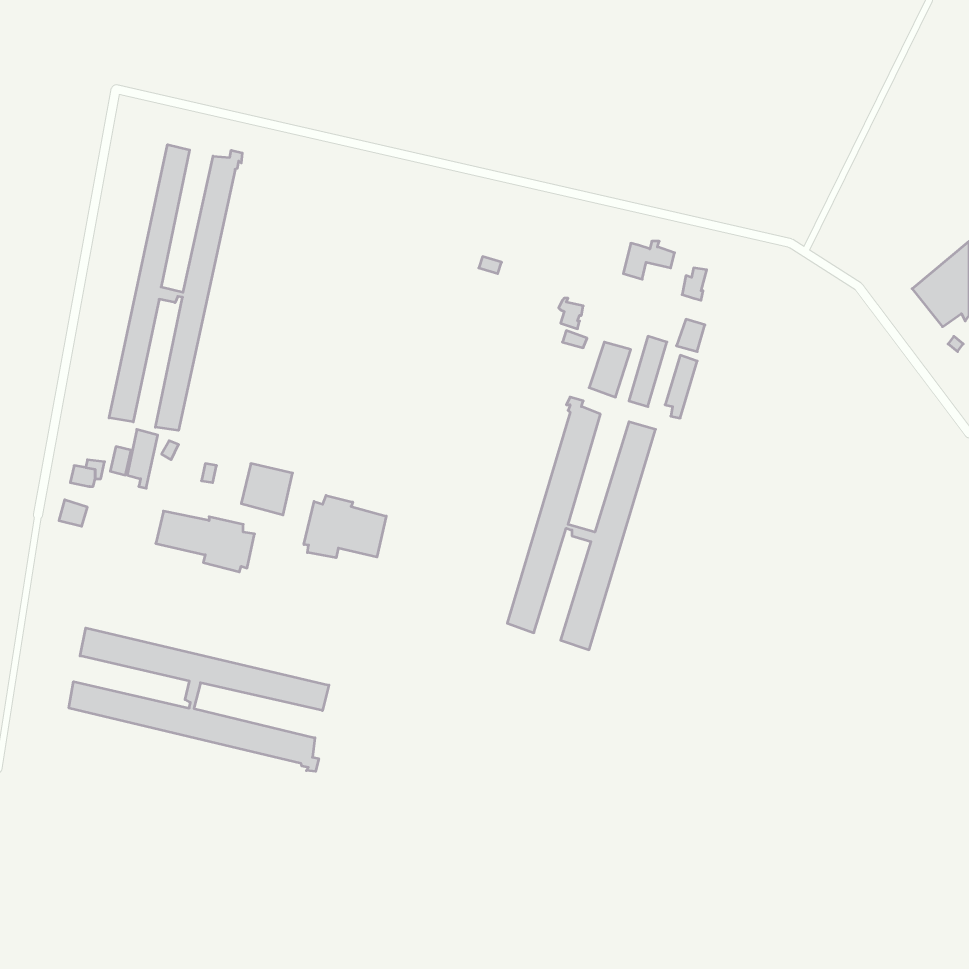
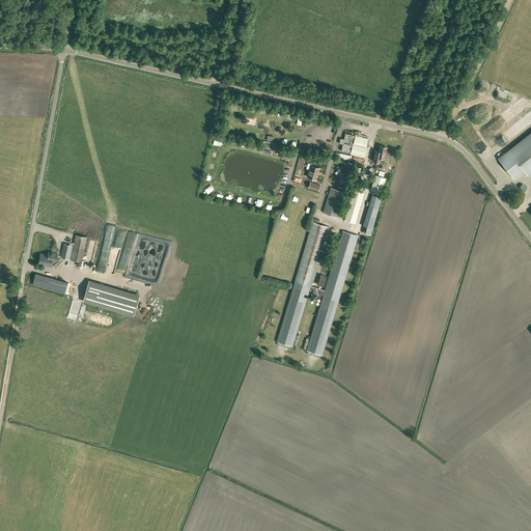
building: [109,145,242,430] -> none
building: [304,495,386,558] -> none
building: [69,628,329,771] -> none

